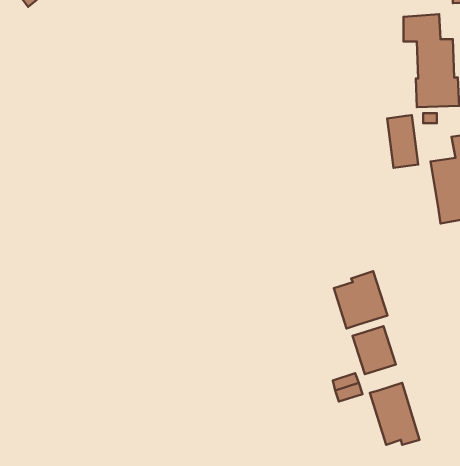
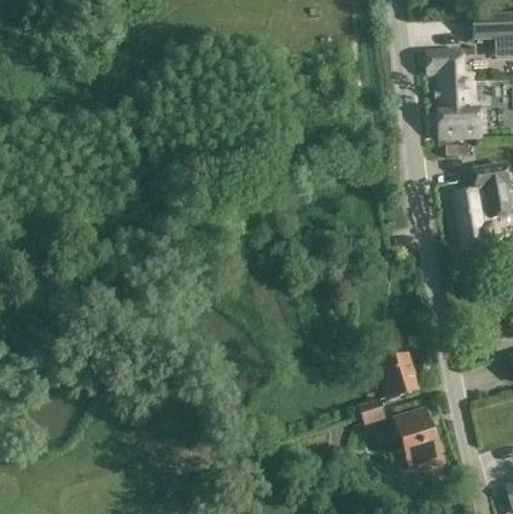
building: [387,115,418,168] -> none
building: [334,271,387,329] -> none

